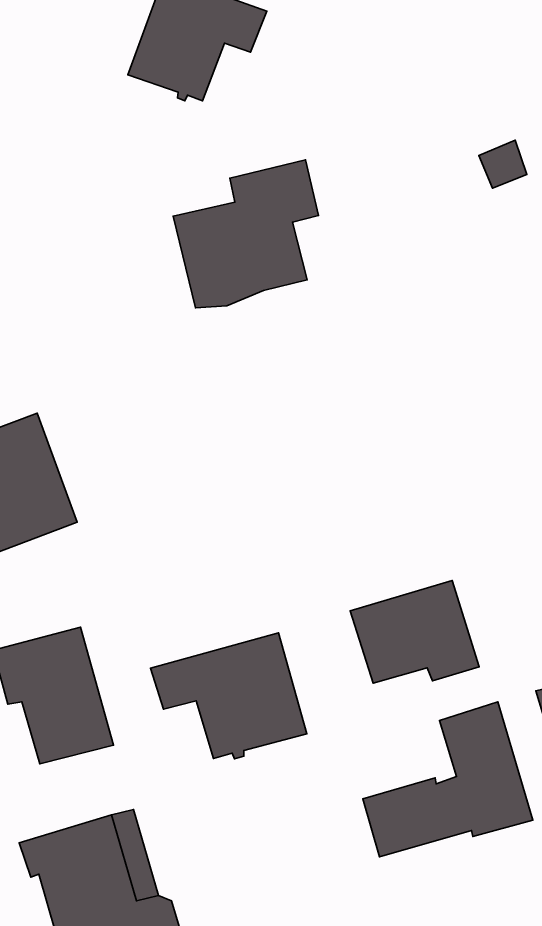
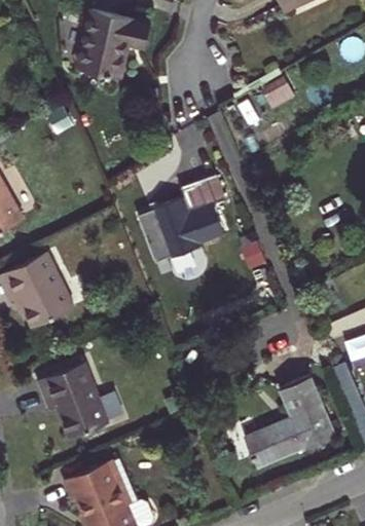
building: [173,160,318,308] -> [150,173,227,258]
building: [350,581,479,683] -> none
building: [150,633,307,759] -> none

